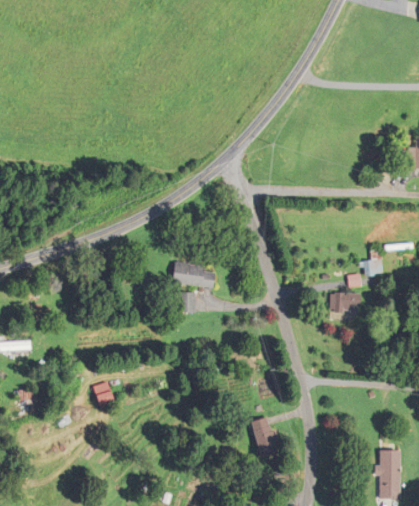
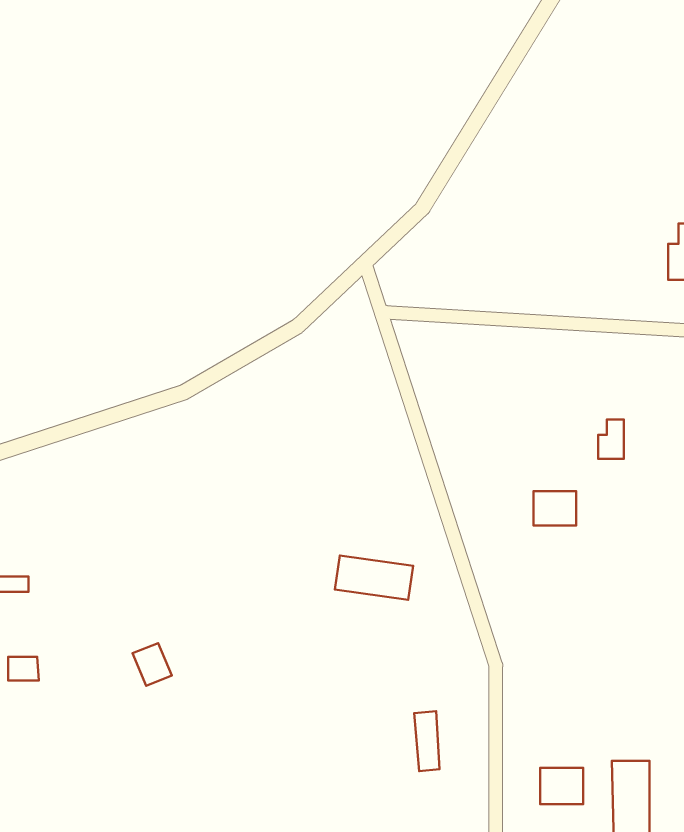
building: [172,262,218,288] -> [335,555,413,600]
building: none -> [540,768,583,804]

